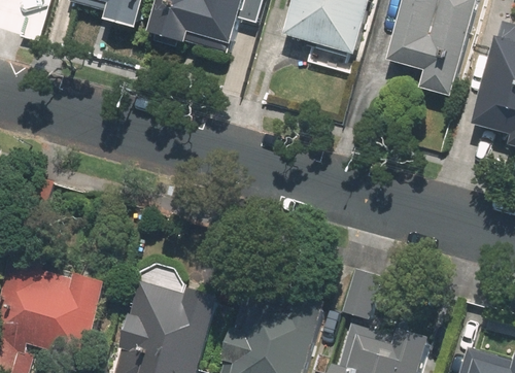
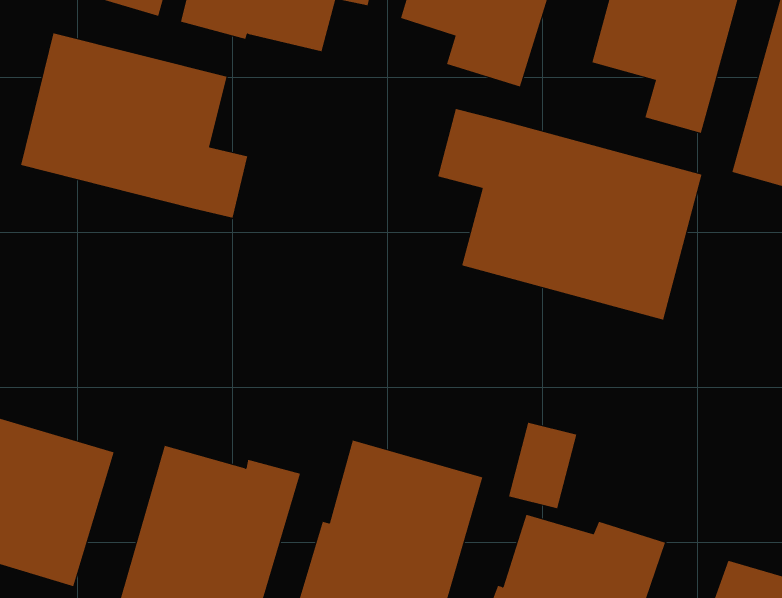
building: none -> [20,32,248,219]
building: none -> [438,108,702,320]

